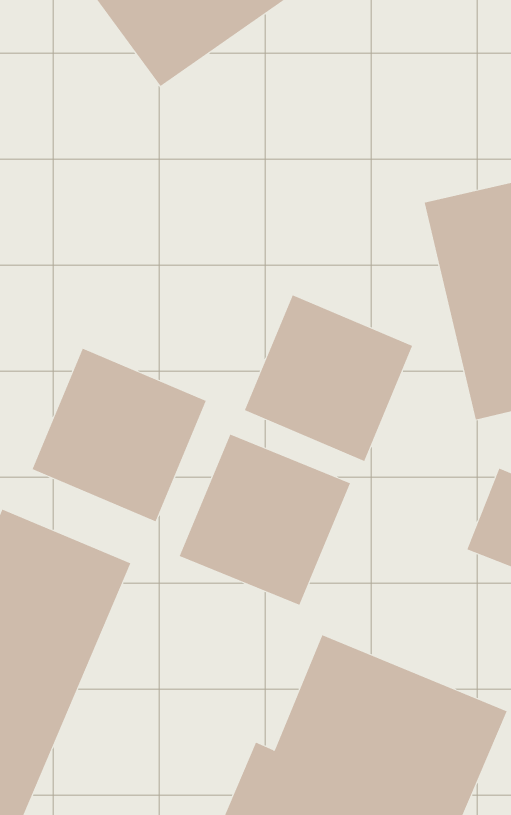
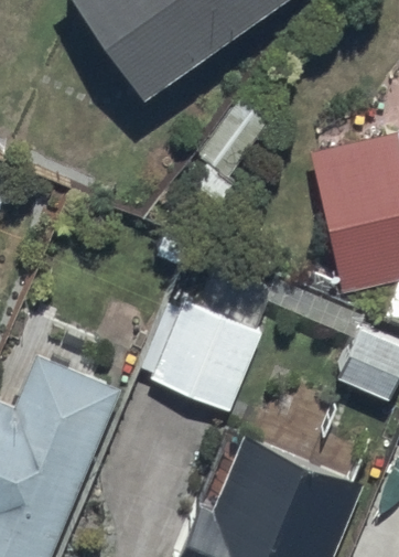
building: [244,295,413,462] -> none
building: [32,348,206,522] -> none

